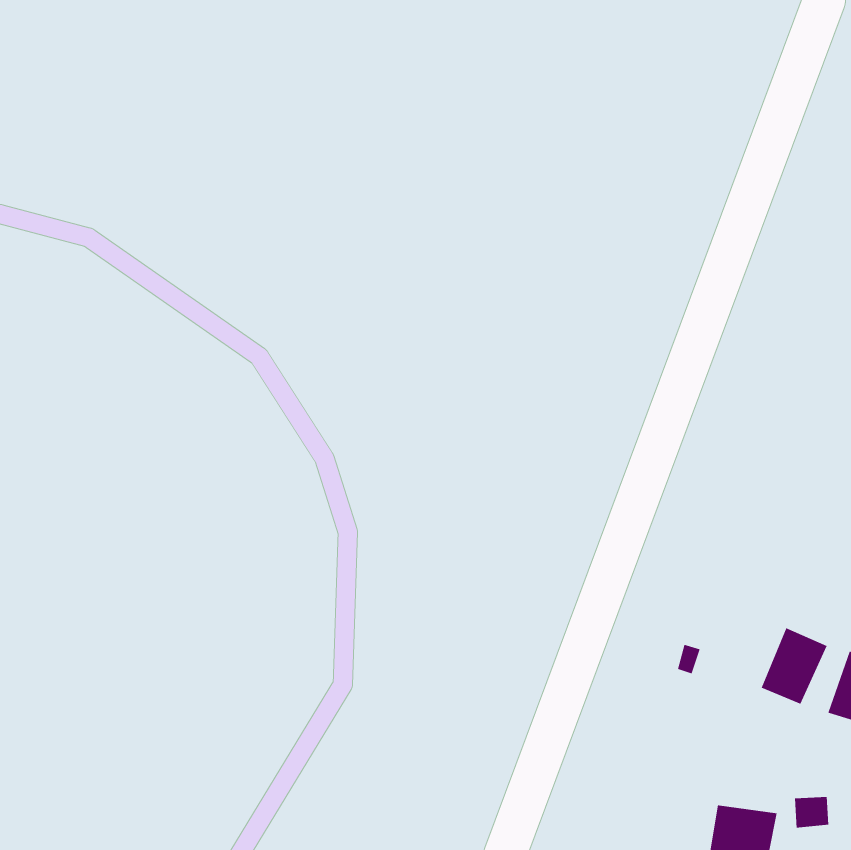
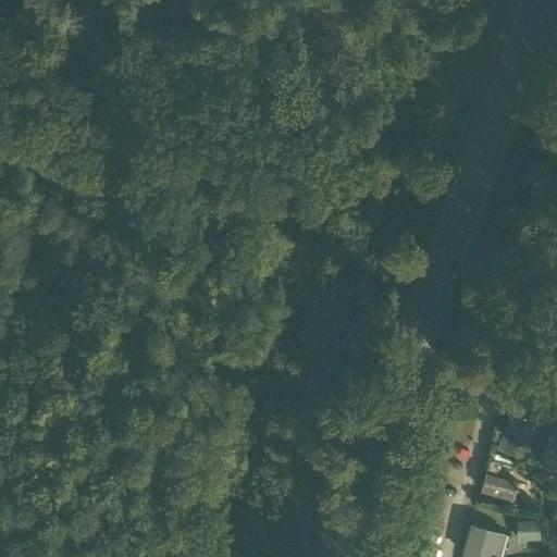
building: none -> [482,474,520,504]

